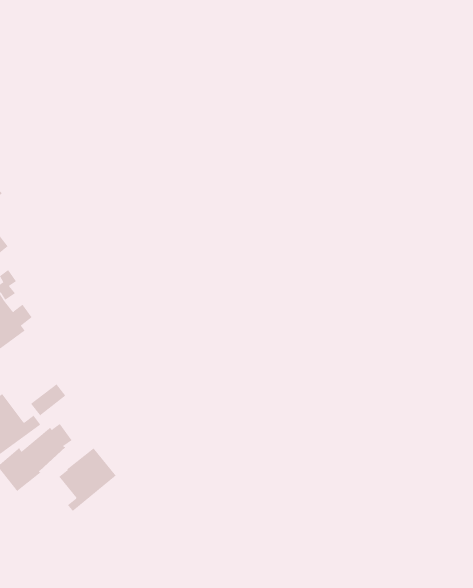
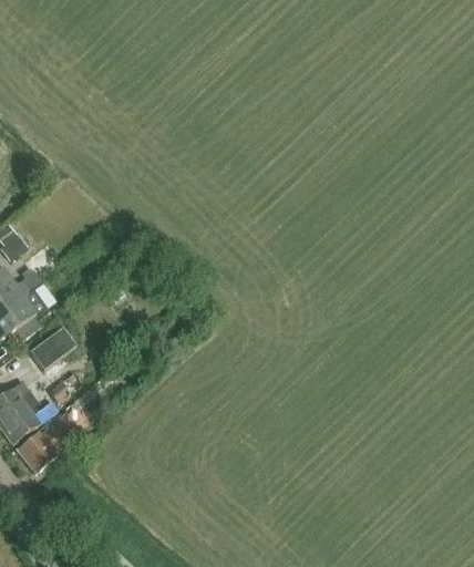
building: none -> [29,327,76,370]
building: [58,447,116,512] -> none

